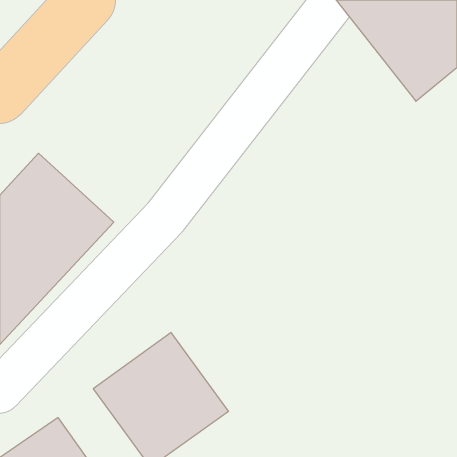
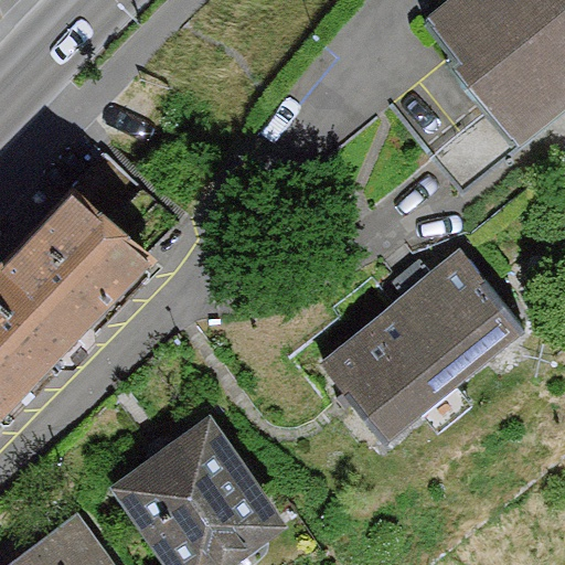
building: none -> [323,254,525,444]

